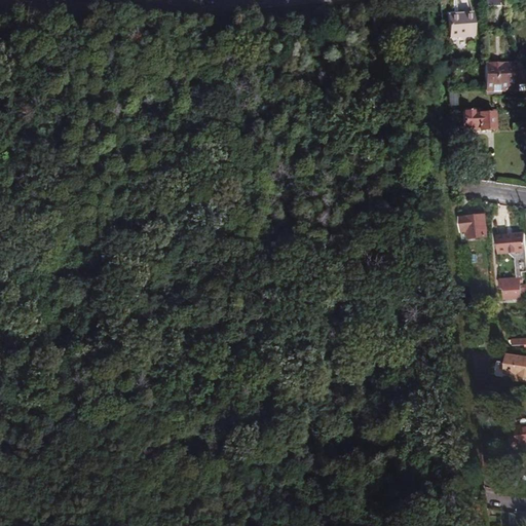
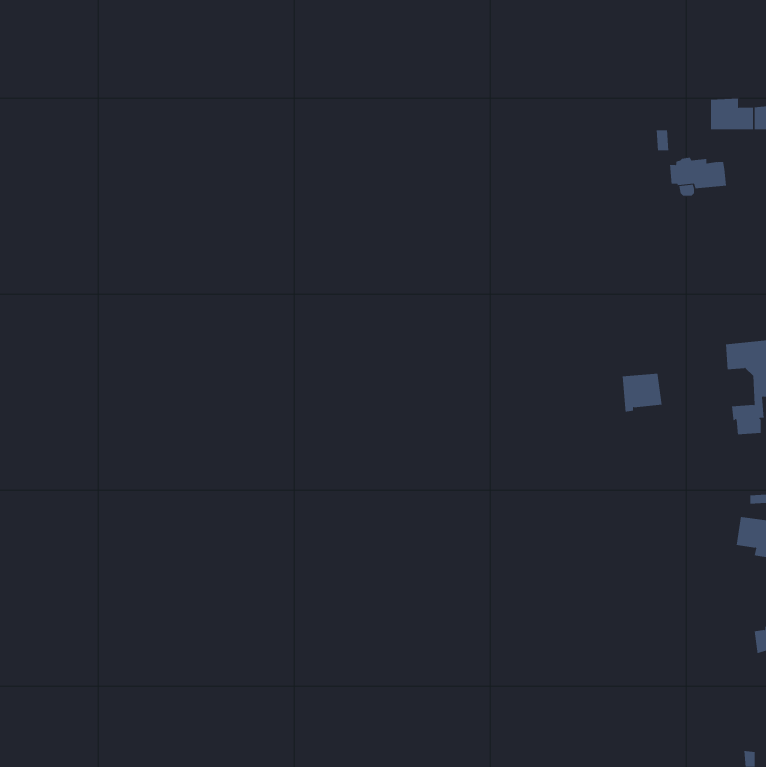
building: [449,11,476,37] -> none
building: [460,212,488,238] -> [622,373,663,412]

